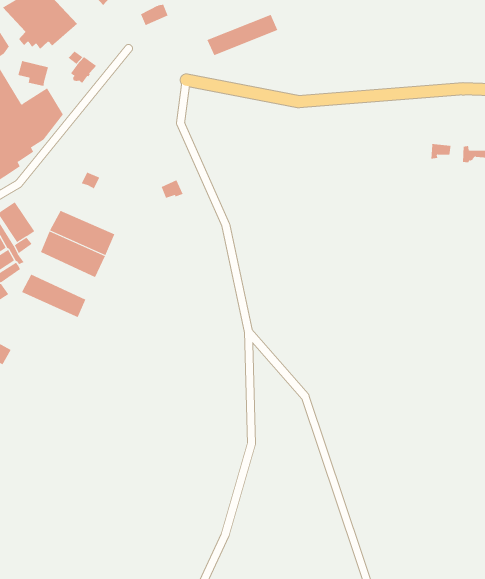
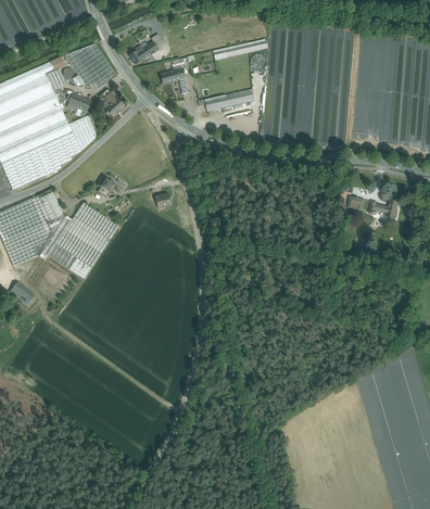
building: none -> [55,230,100,268]

